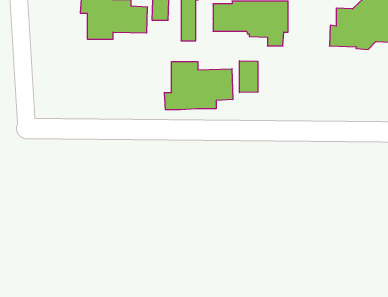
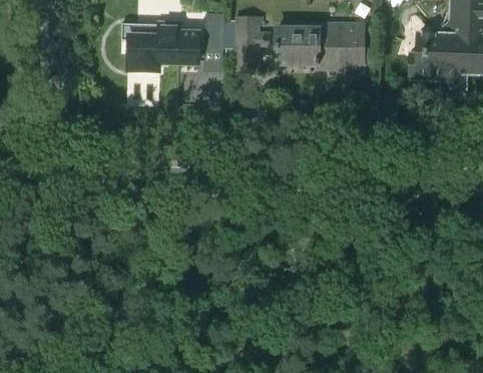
building: [240,61,258,93] -> none
building: [165,62,233,110] -> none

